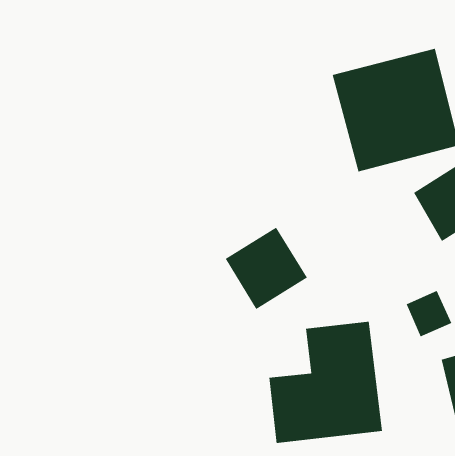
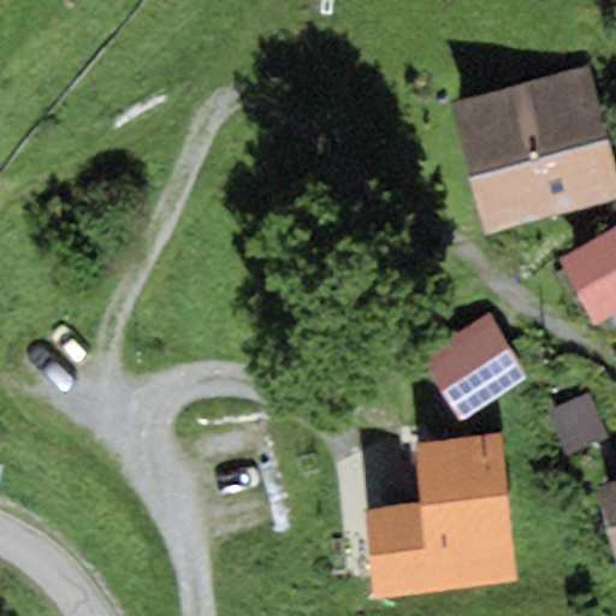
building: [225,227,308,310] -> [420,312,532,424]

